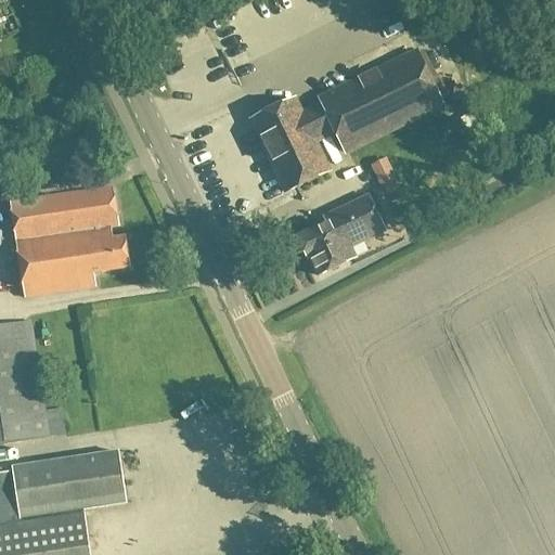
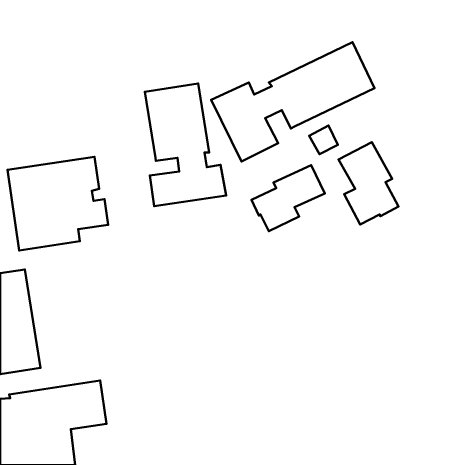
building: none -> [145,83,226,206]
building: none -> [339,142,399,224]

